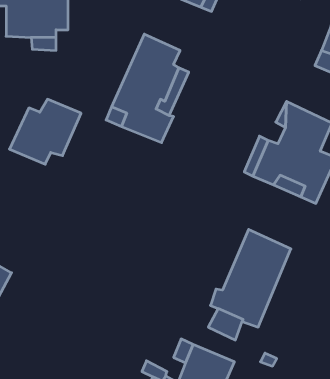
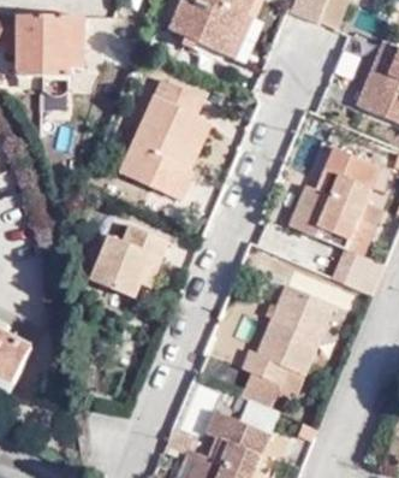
building: [9,99,81,164] -> [96,218,175,290]

